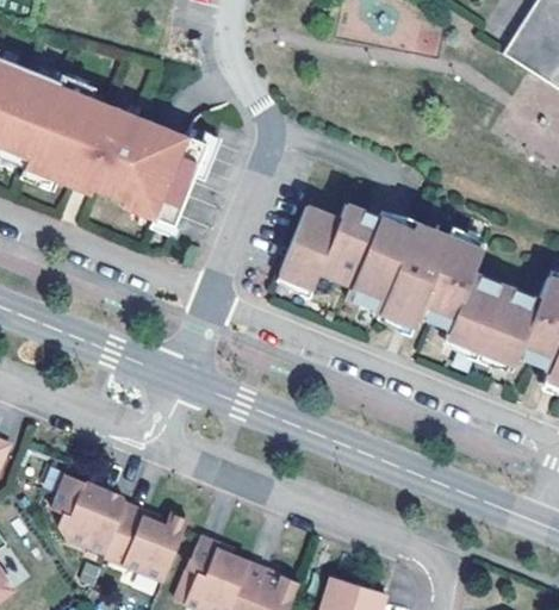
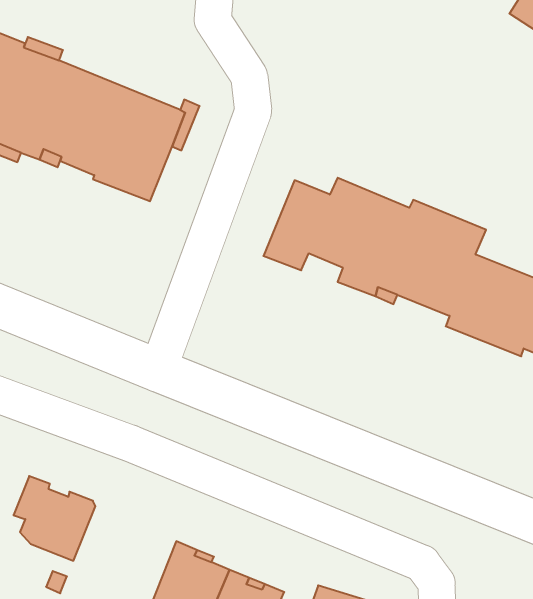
building: [103,503,186,580] -> none

